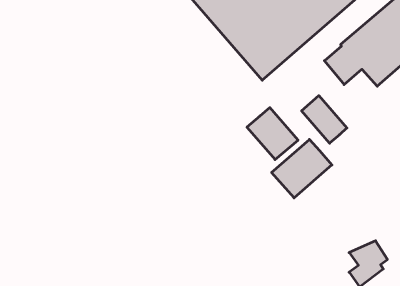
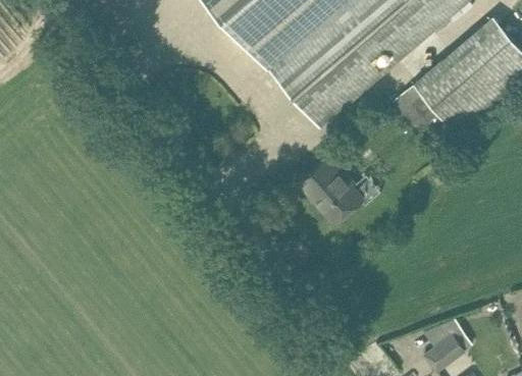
building: [302,96,347,143] -> none
building: [272,139,332,198] -> none

